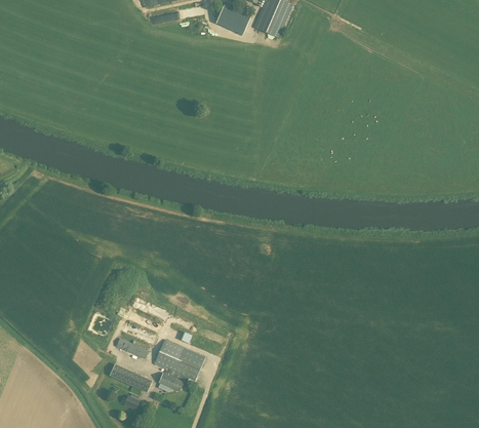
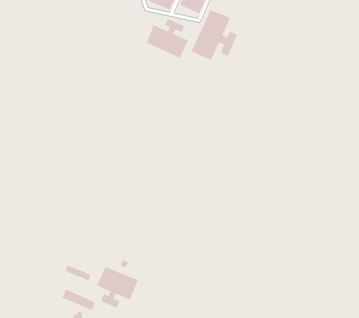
building: none -> [190,9,238,61]
building: none -> [146,18,189,59]

